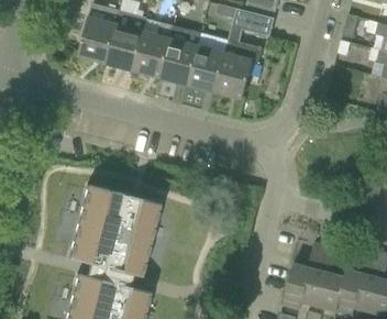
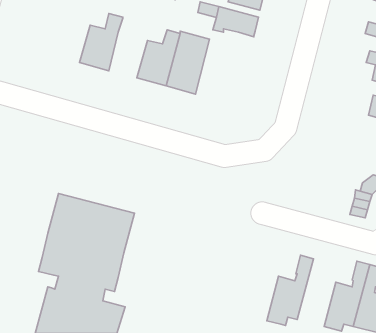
building: [78,8,119,62] -> none
building: [133,23,173,76] -> none
building: [214,31,262,98] -> none
building: [310,246,346,310] -> none

